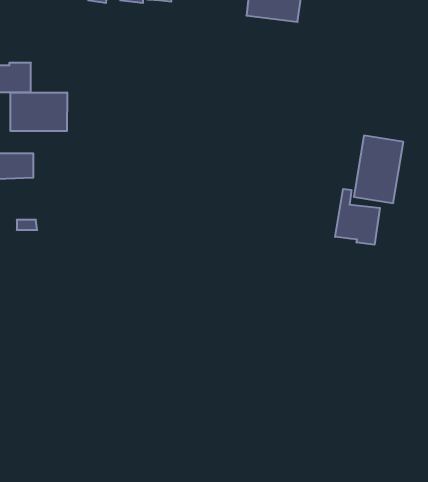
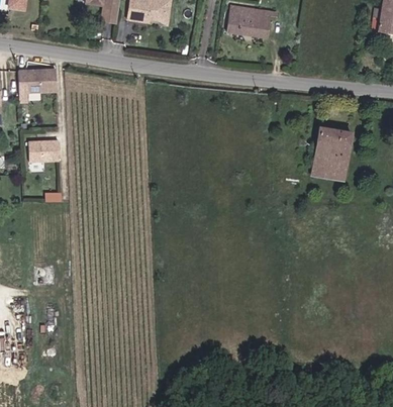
building: [10,92,67,131] -> none
building: [335,189,380,245] -> none

